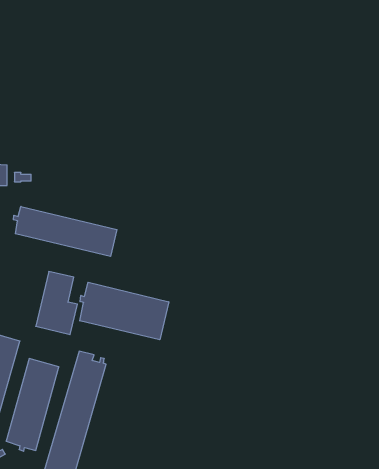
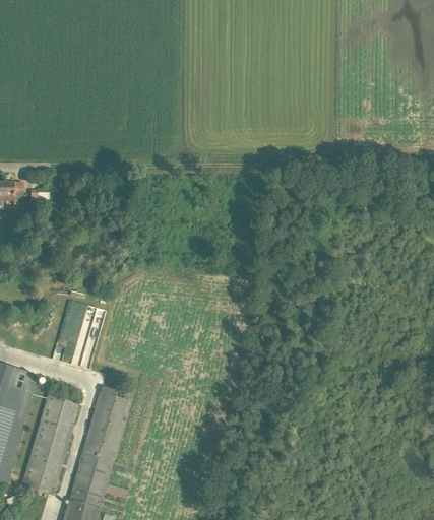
building: [13,206,117,256] -> none
building: [80,282,169,340] -> none

